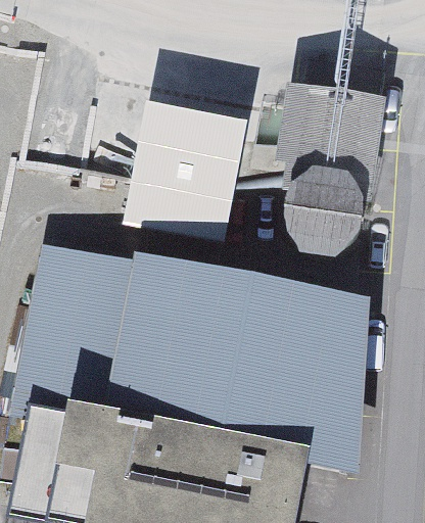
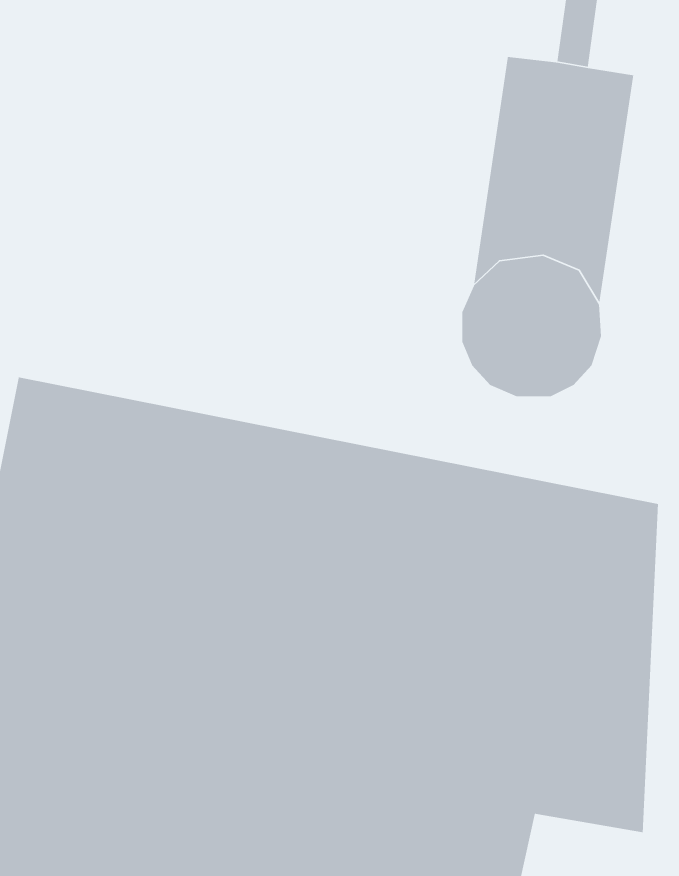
building: [119,113,246,248] -> none

